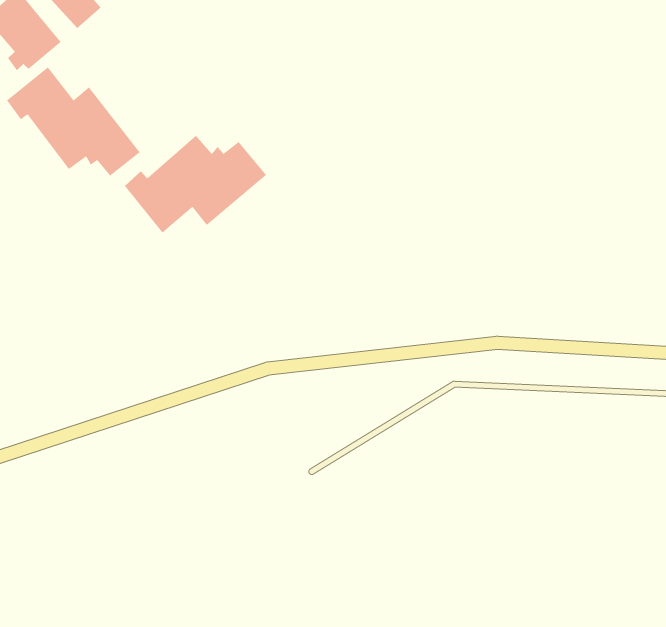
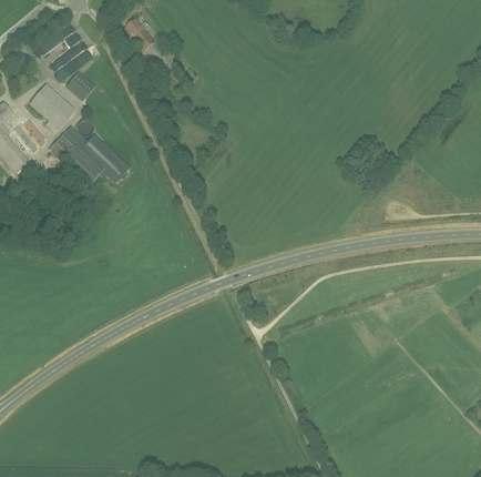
building: [124,135,267,233] -> none

